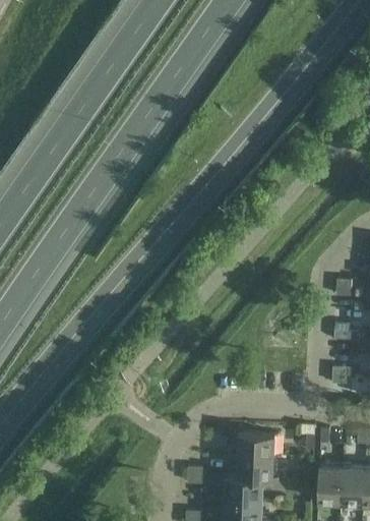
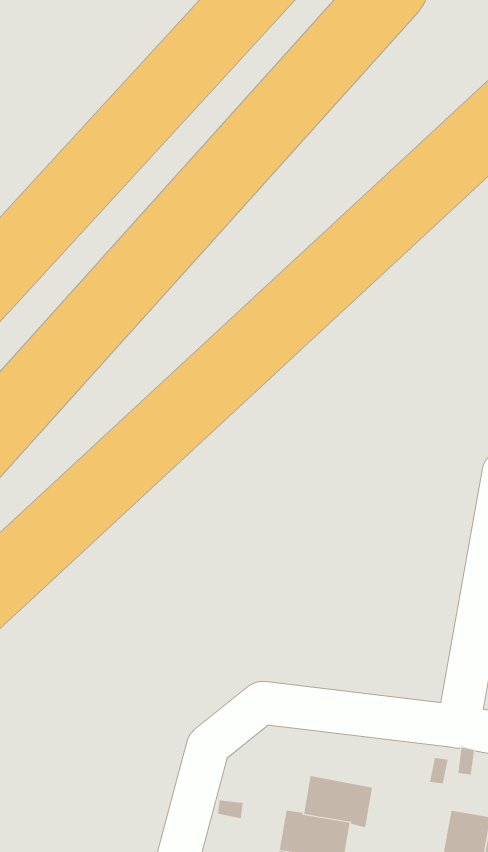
building: [237,431,274,456] -> none

